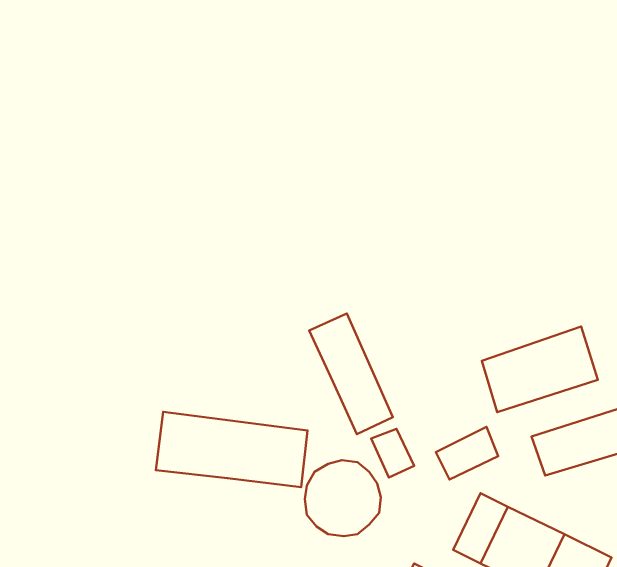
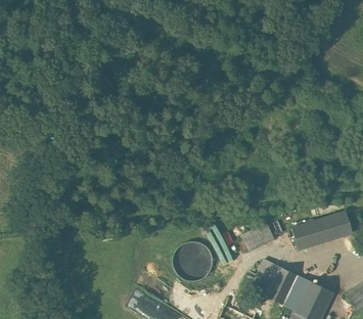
building: [309,314,393,434] -> none
building: [482,326,598,412] -> none
building: [156,412,307,487] -> none

